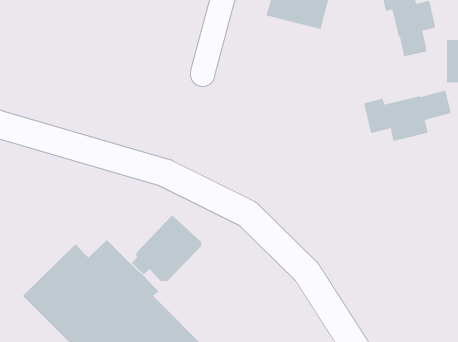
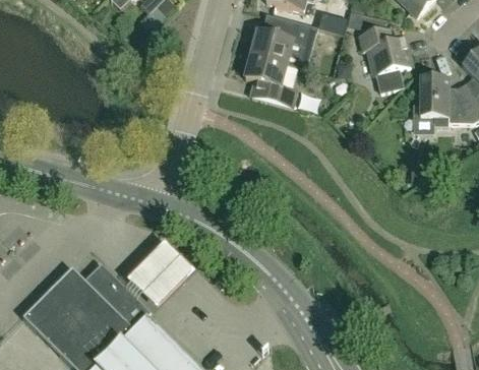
building: none -> [244,53,295,106]
building: [363,90,452,142] -> none

